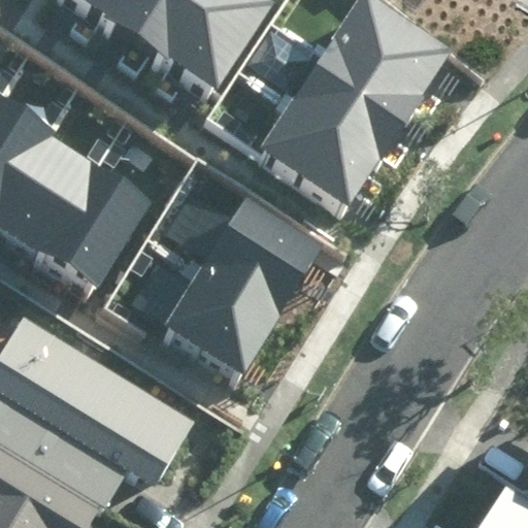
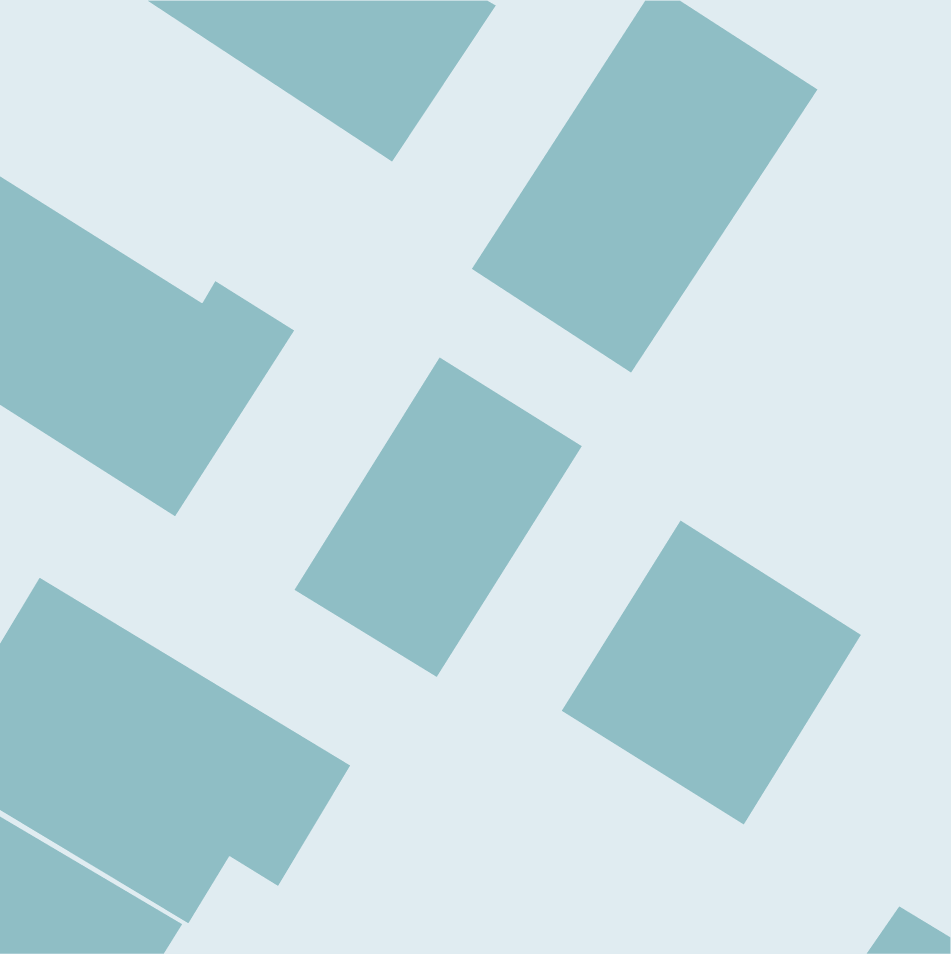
building: none -> [561,520,862,826]

